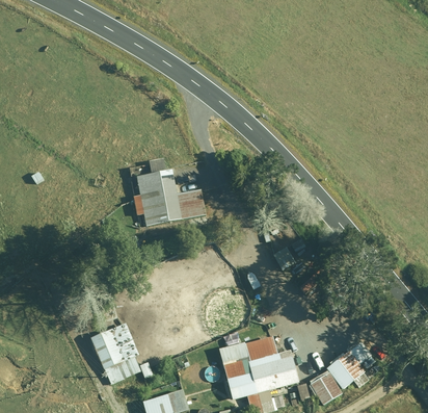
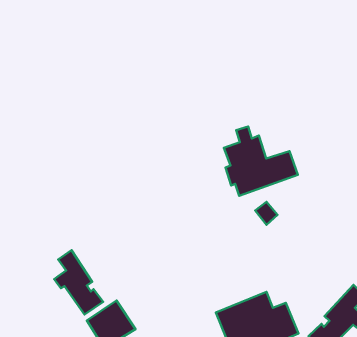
building: [134,159,205,227] -> [224,126,298,196]
building: none -> [54,250,103,315]

